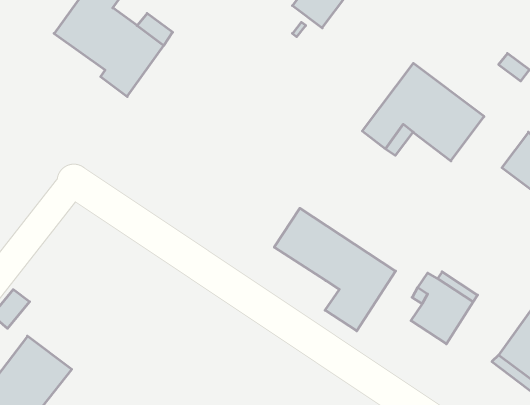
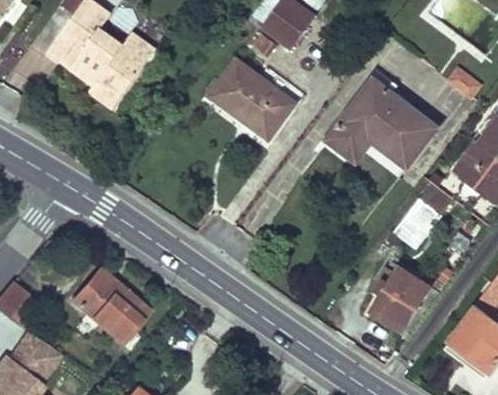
building: none -> [211,58,295,137]
building: none -> [394,197,442,248]
building: [274,208,396,331] -> none
building: none -> [72,269,148,342]

